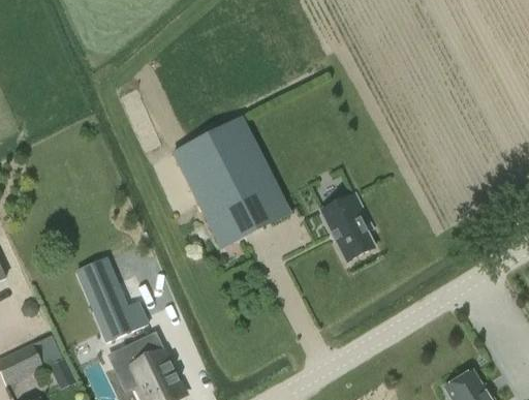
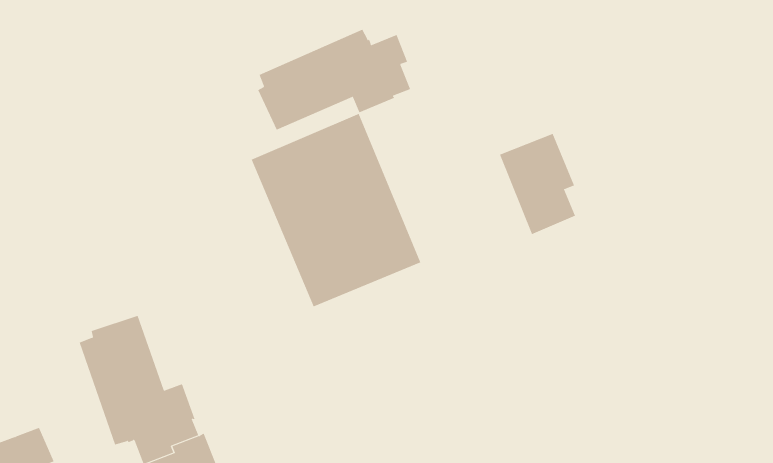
building: none -> [258,29,411,131]
building: [321,193,374,260] -> [499,133,576,235]

